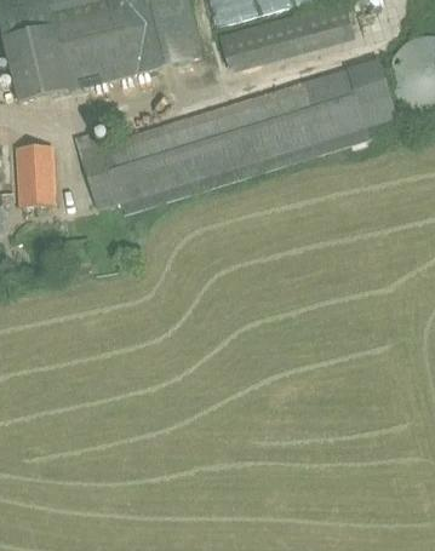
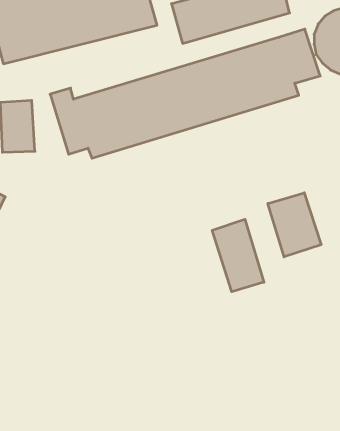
building: none -> [268,193,321,257]
building: none -> [212,219,264,292]

